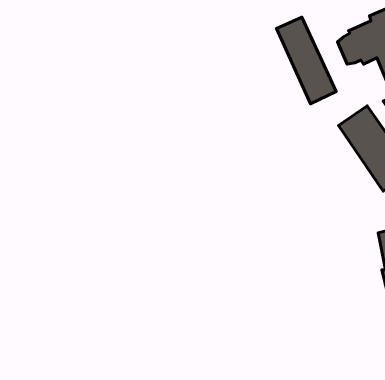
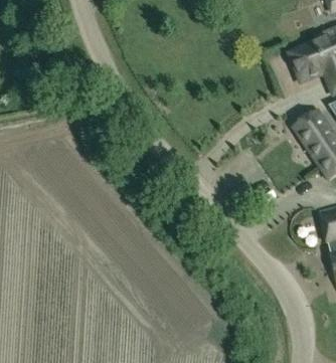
building: [276,17,336,104] -> none

